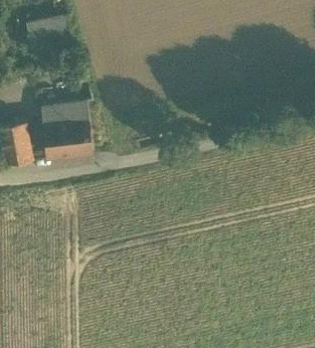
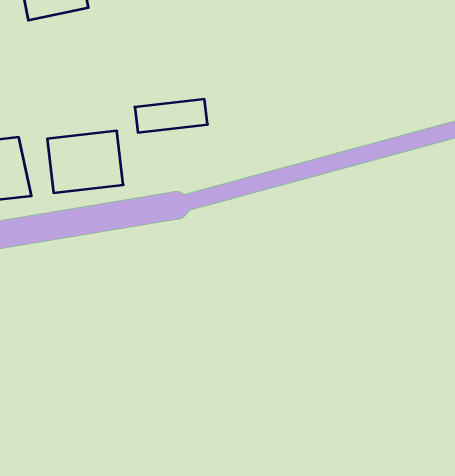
building: [40,104,87,125] -> [135,99,208,132]

